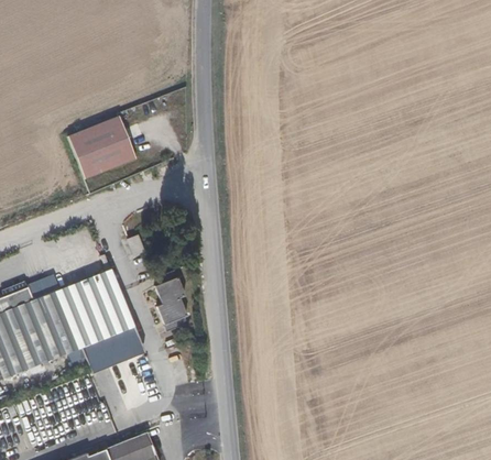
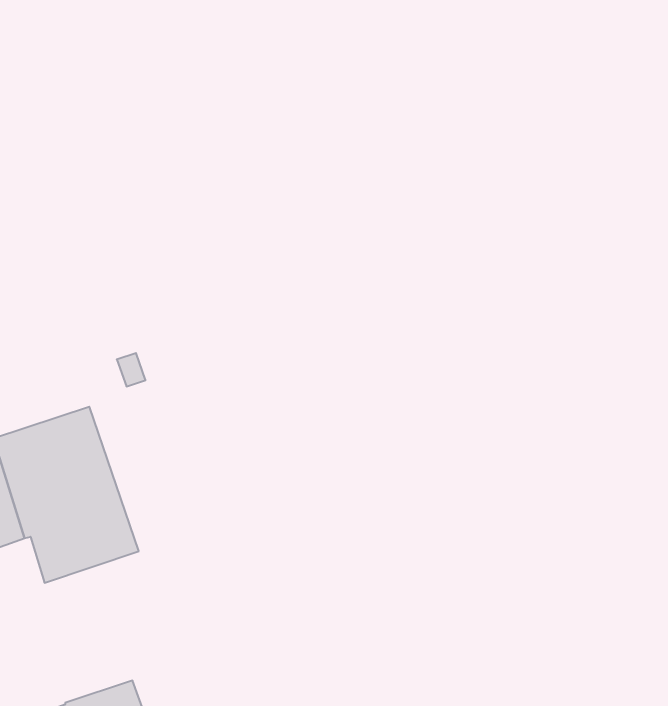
building: [67,123,135,184] -> none
building: [155,273,188,336] -> none

